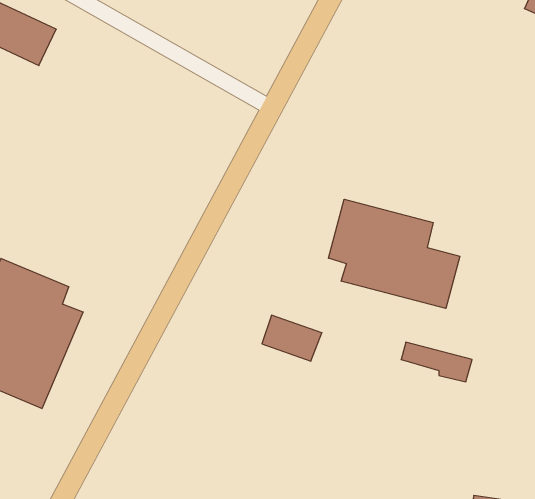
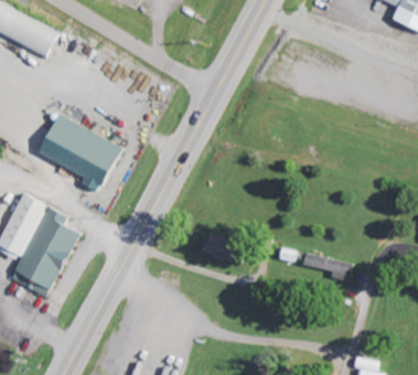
building: none -> [37,114,124,193]
building: [328,199,460,308] -> none

